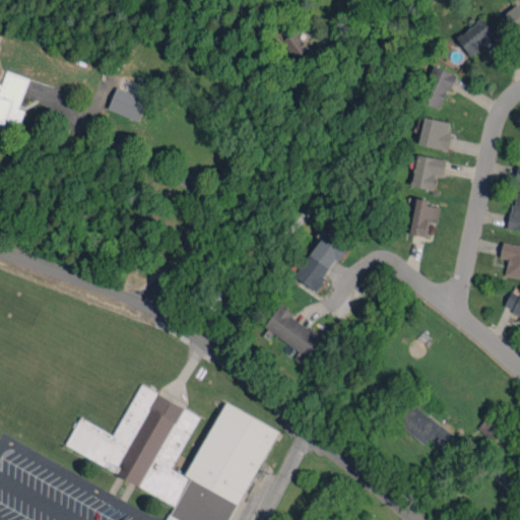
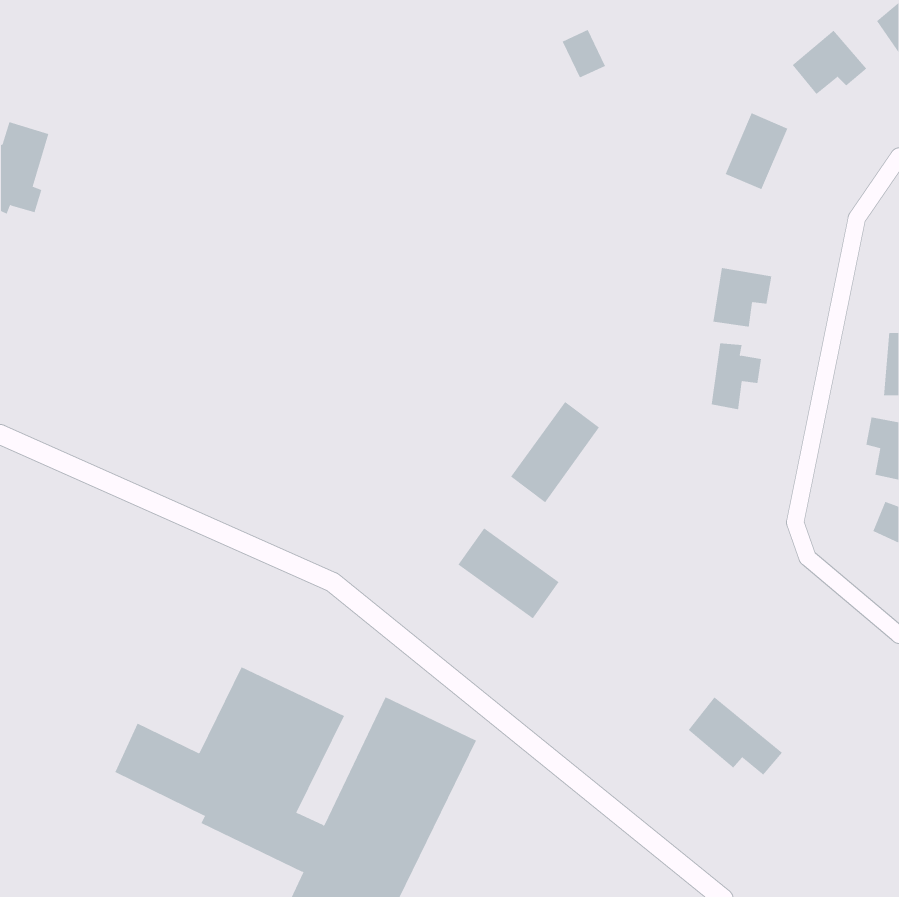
building: [283,32,309,61] -> [562,29,606,78]
building: [108,88,147,122] -> none
building: [419,118,451,150] -> none

